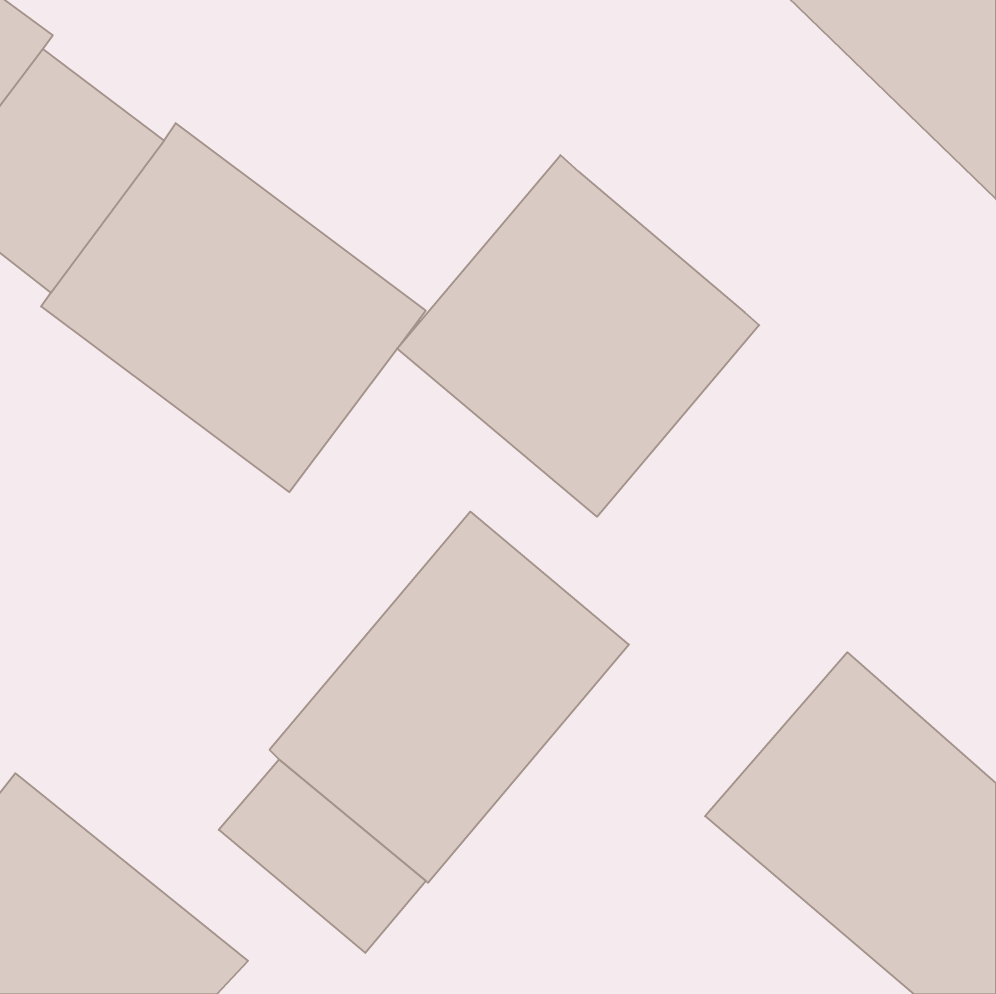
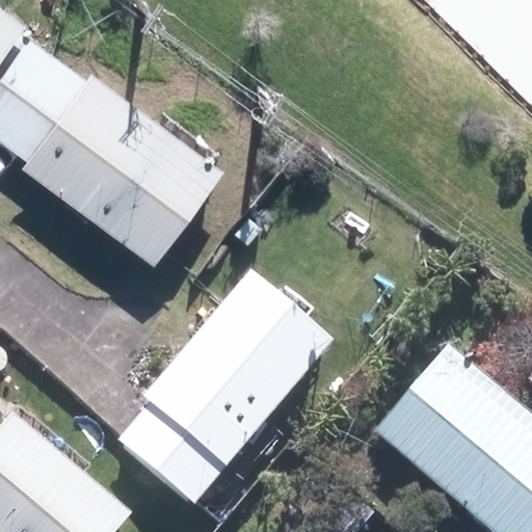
building: [397,155,759,517] -> none

